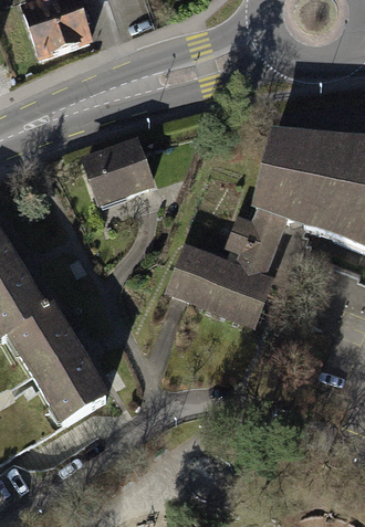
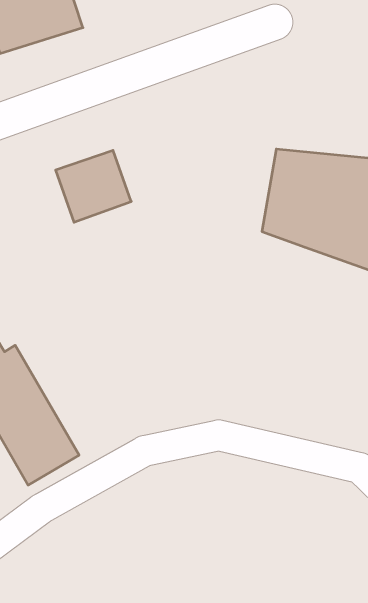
building: [168,207,292,319] -> none

